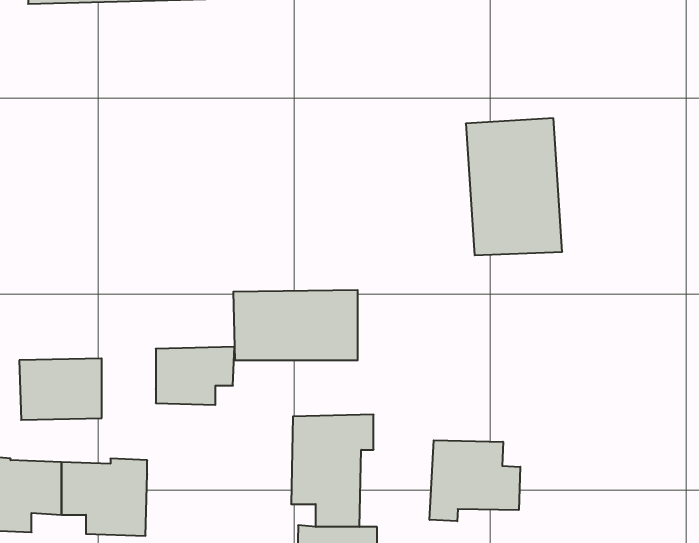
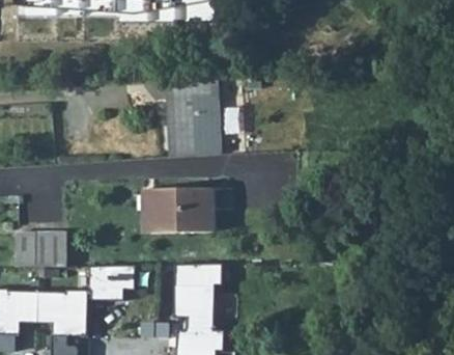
building: [466,118,562,255] -> [163,74,220,155]
building: [156,347,235,405] -> [89,265,136,299]
building: [430,440,520,521] -> none

